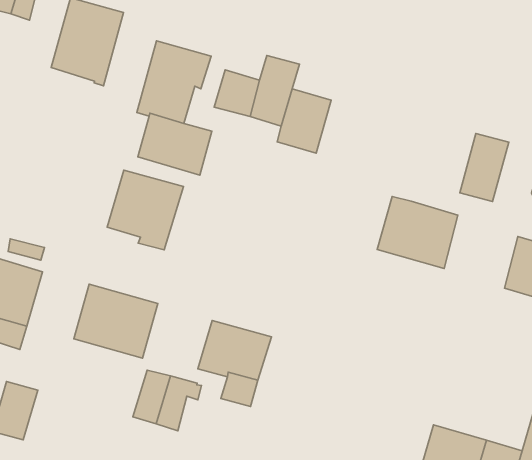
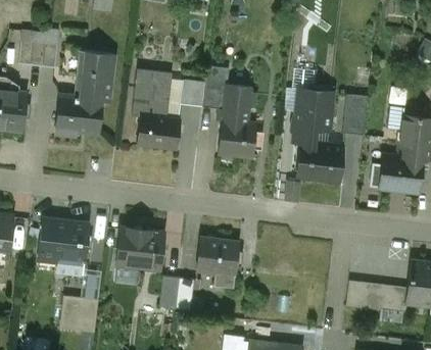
building: none -> [55,95,102,136]
building: none -> [294,86,333,143]
building: none -> [218,119,256,157]
building: [107,170,183,250] -> none

